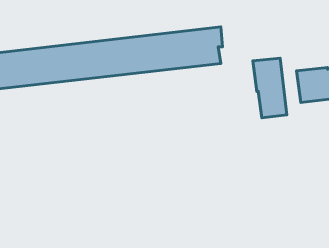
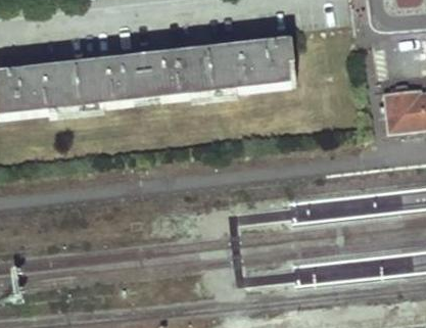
building: [253,58,287,118] -> none

